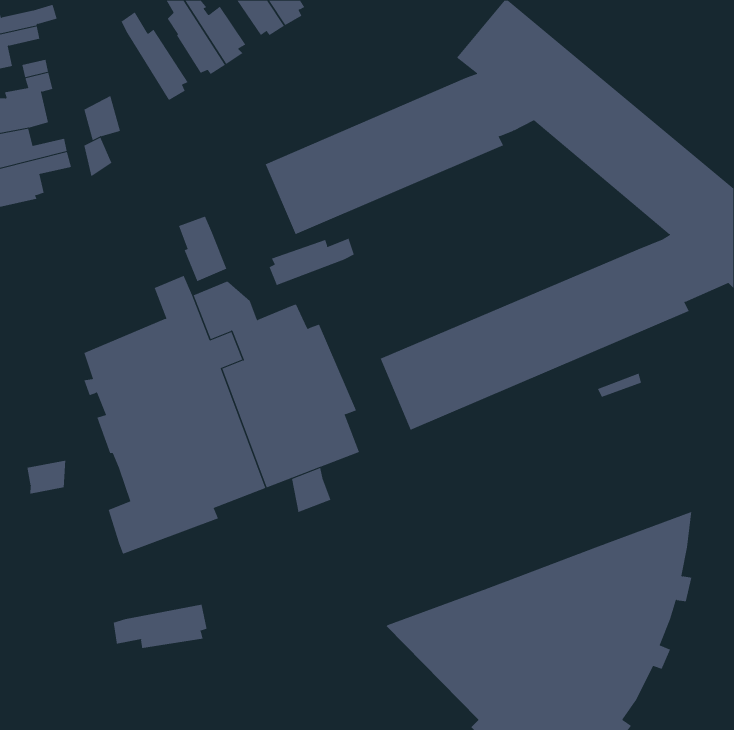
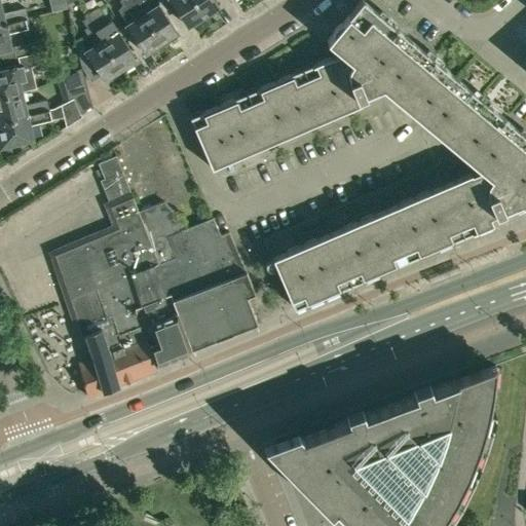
building: none -> [75,20,120,83]
building: [178,216,227,282] -> [97,162,132,210]
building: [269,238,355,286] -> none
building: [27,460,66,494] -> none
building: [292,467,331,513] -> none
building: [113,604,207,649] -> none

